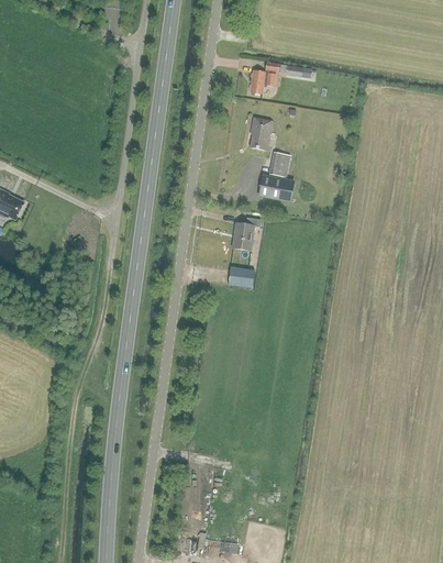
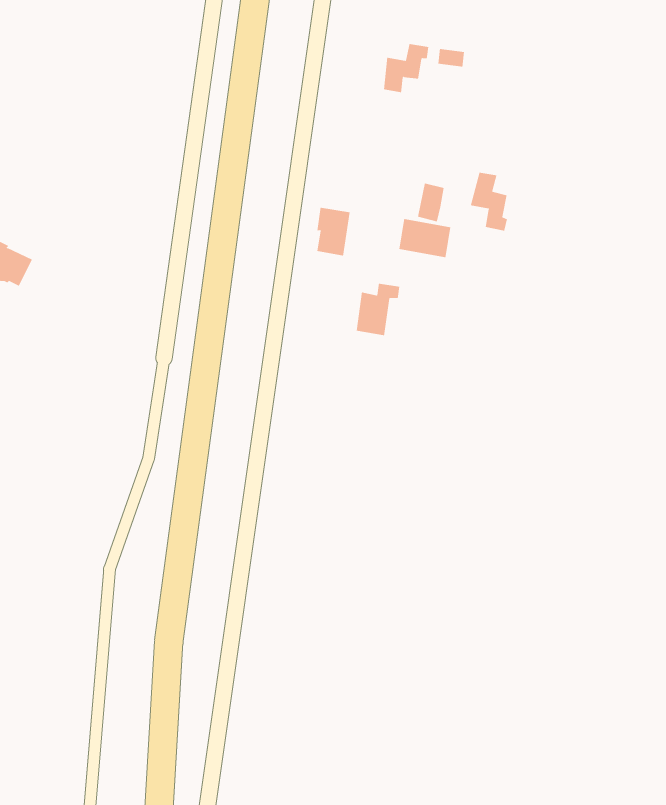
building: [251,118,273,150] -> [317,207,351,256]
building: none -> [470,172,507,232]
building: [229,266,255,287] -> none

